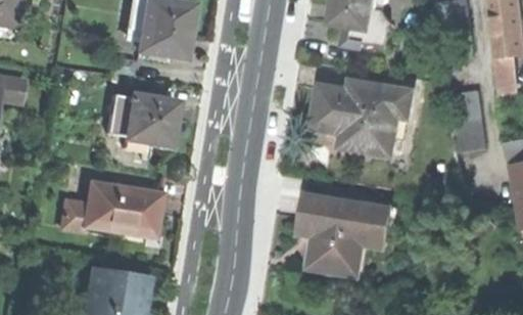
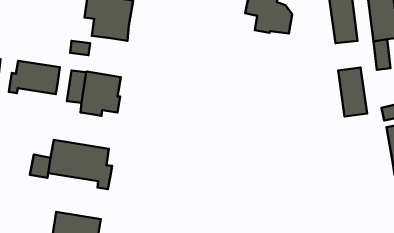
building: none -> [9,61,60,94]
building: [316,84,410,151] -> none
building: [299,192,393,273] -> none

